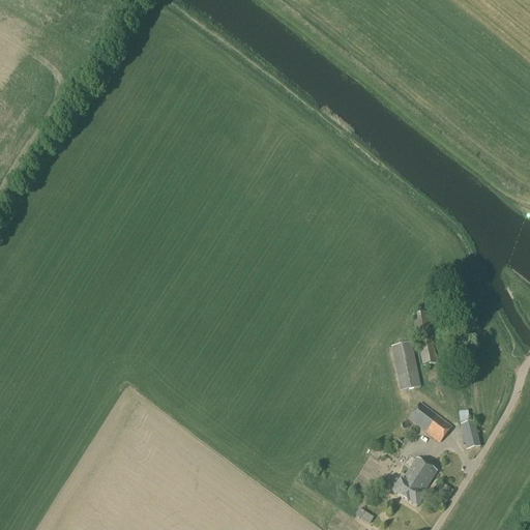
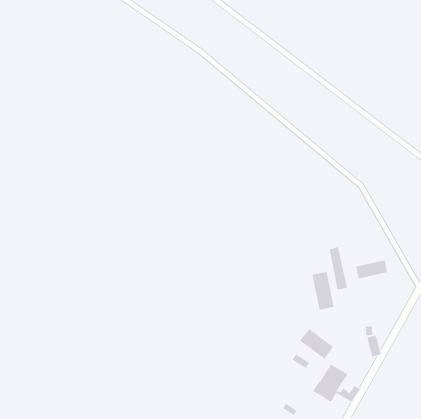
building: none -> [356,260,388,279]
building: [408,402,451,441] -> [299,328,334,359]

